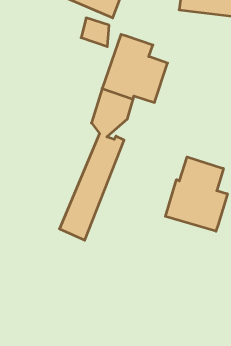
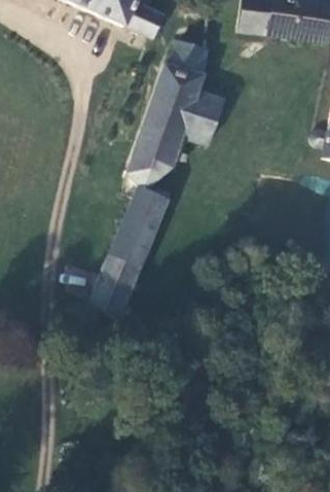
building: [81,18,109,47] -> [172,38,207,74]
building: [165,157,227,231] -> none

